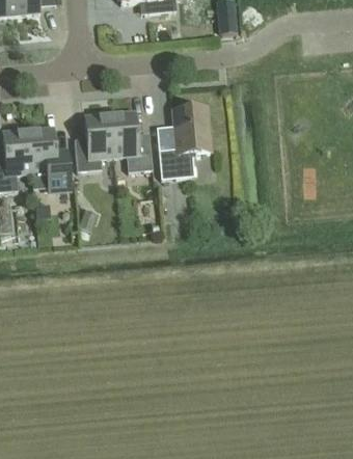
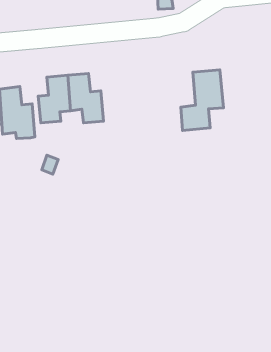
building: [159,105,210,178] -> [181,70,223,130]

